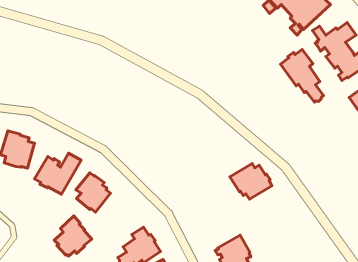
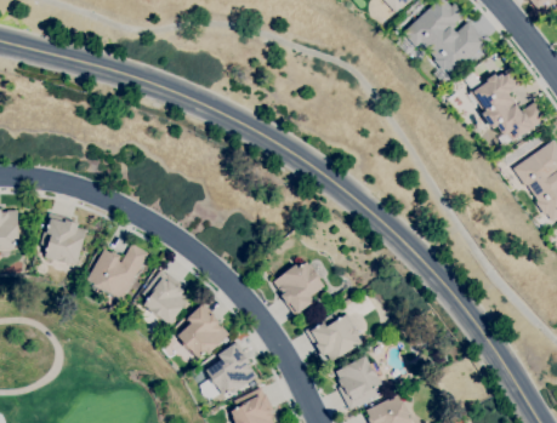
building: [281,49,324,102] -> none
building: [230,163,272,199] -> [305,313,362,361]
building: none -> [273,263,324,315]
building: [54,216,92,256] -> [178,303,229,358]

